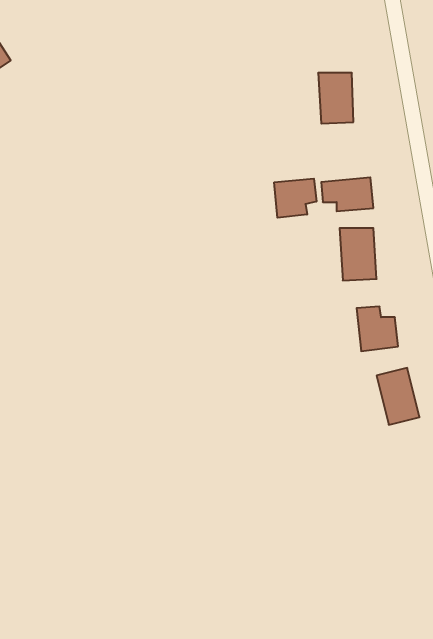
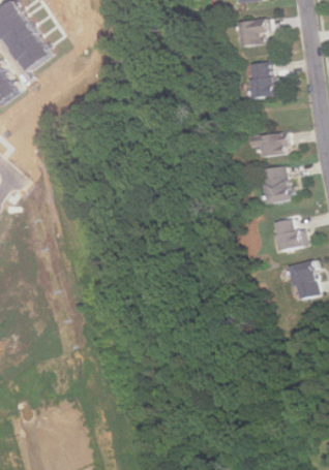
building: none -> [239,19,268,44]
building: [274,179,316,218] -> none

